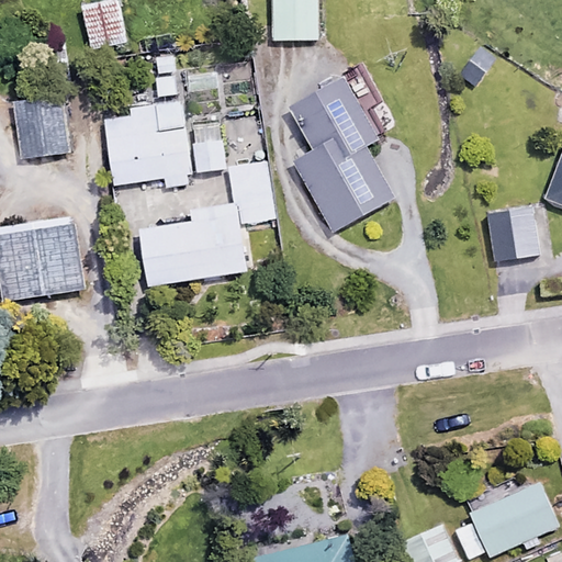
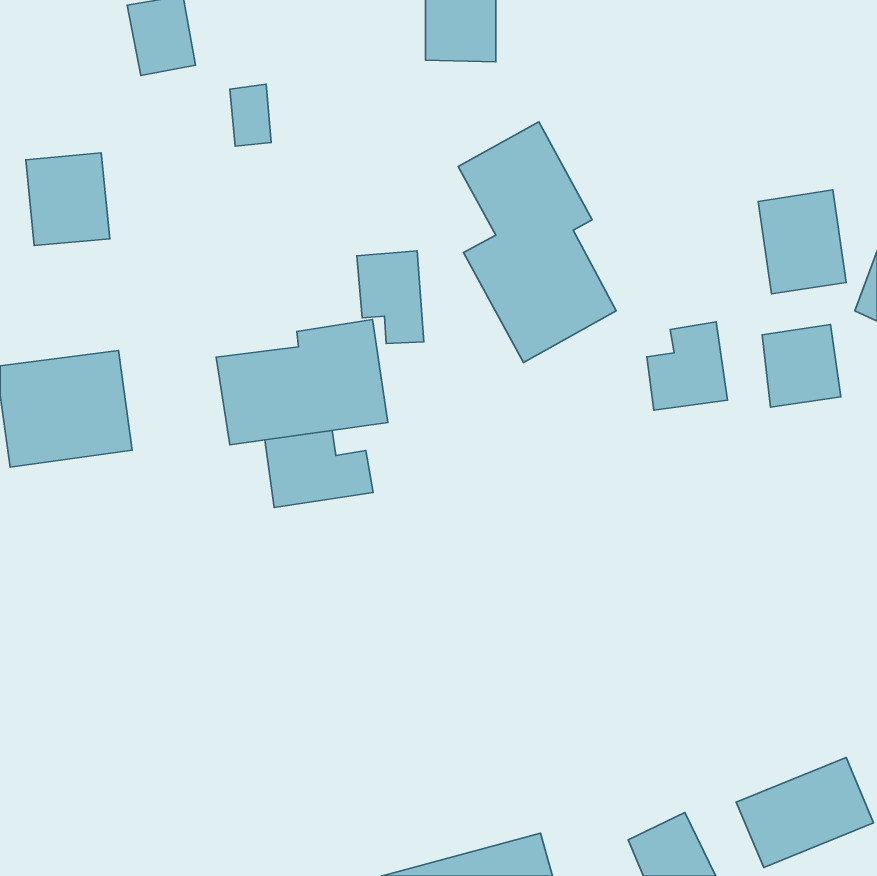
building: [103,100,225,184] -> none
building: none -> [758,190,846,294]
building: none -> [647,322,727,410]
building: none -> [265,430,373,507]

